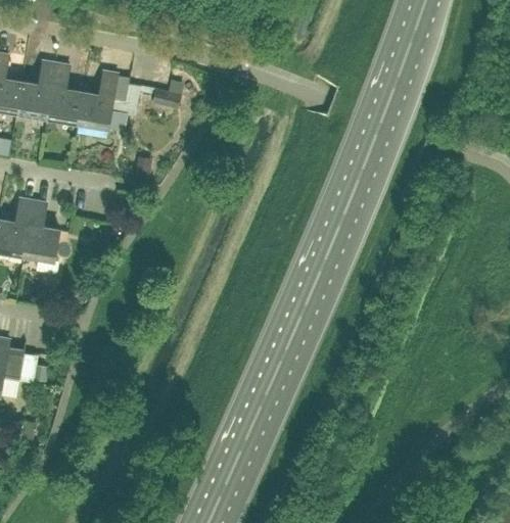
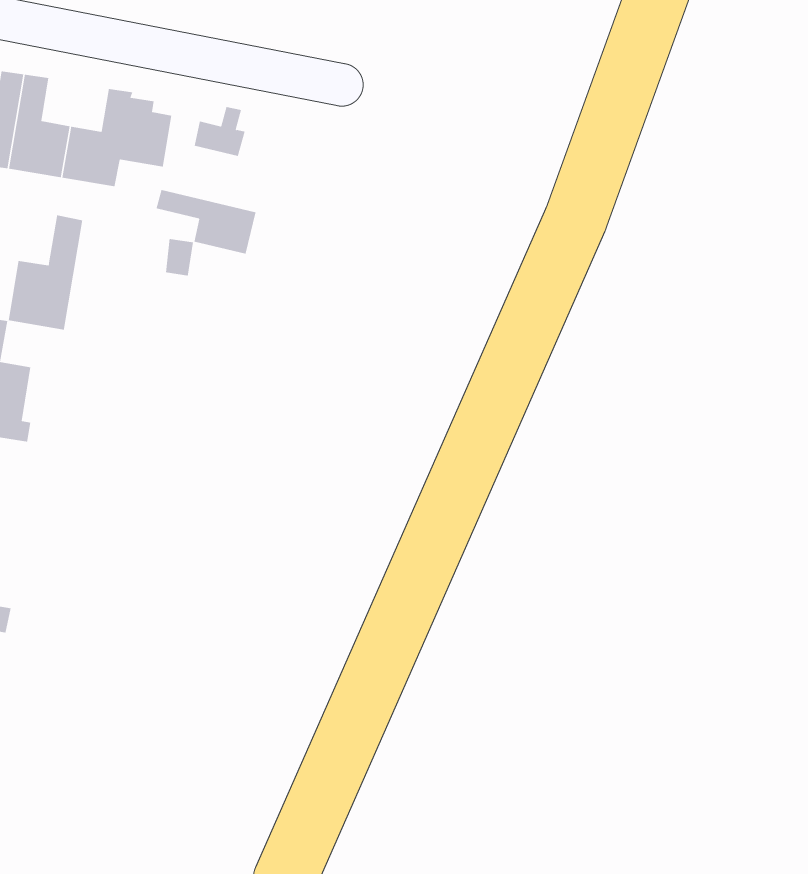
building: none -> [156,189,256,254]
building: none -> [8,215,83,330]

